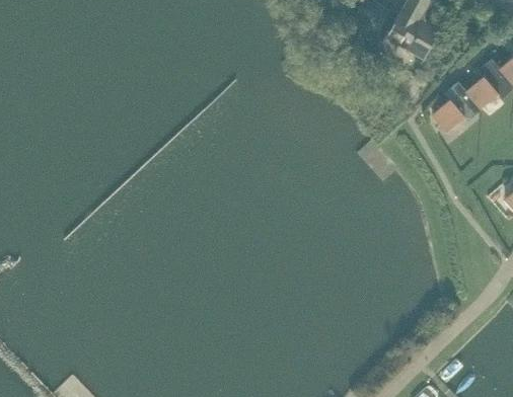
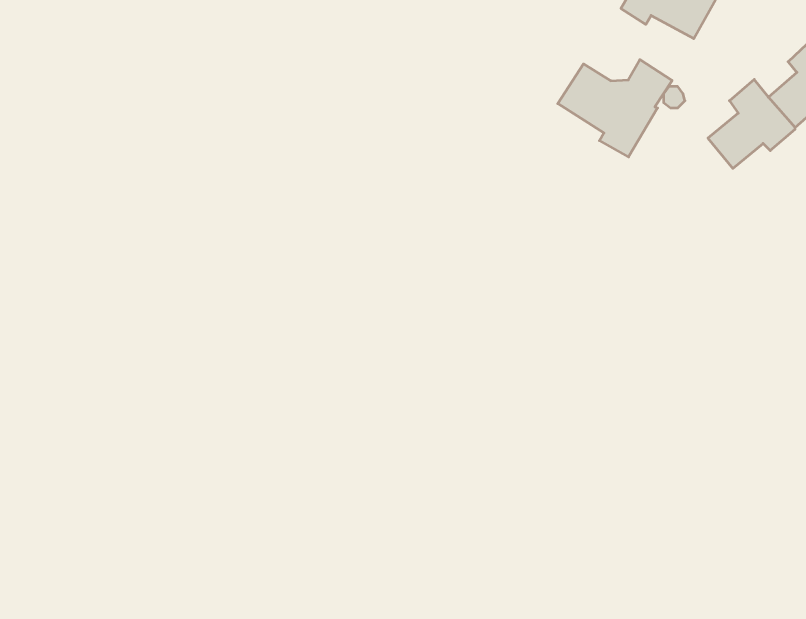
building: none -> [558,60,672,157]

